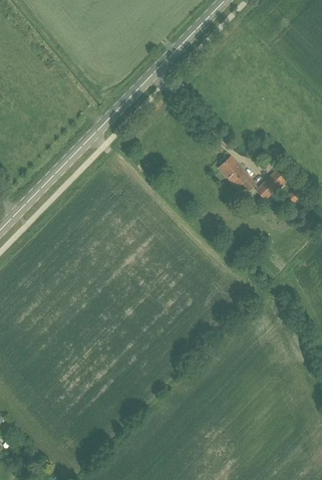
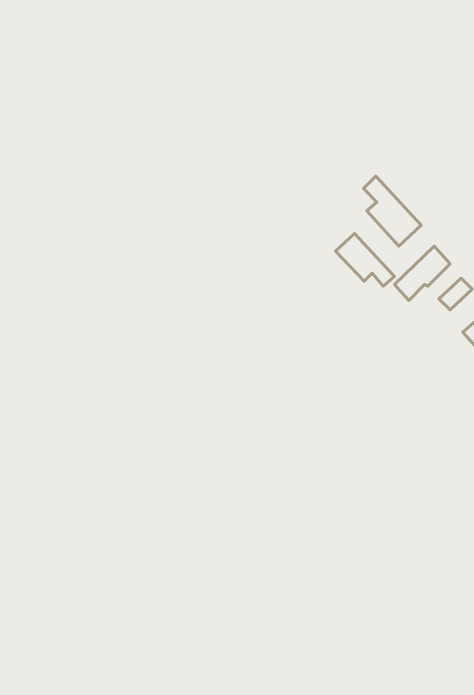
building: none -> [363,176,421,246]

